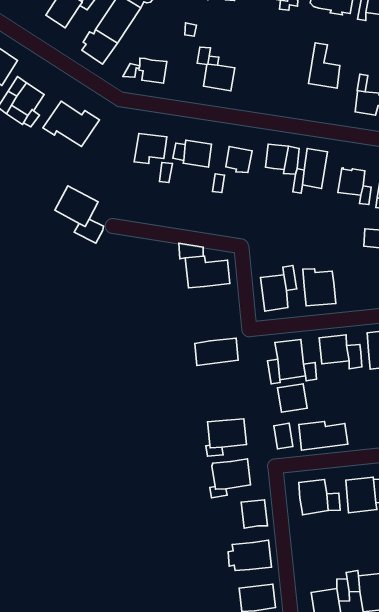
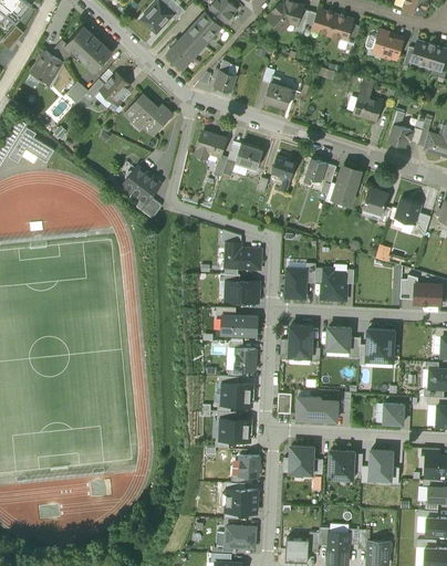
building: none -> [225,281,259,303]
building: [278,384,307,412] -> [236,349,258,370]

